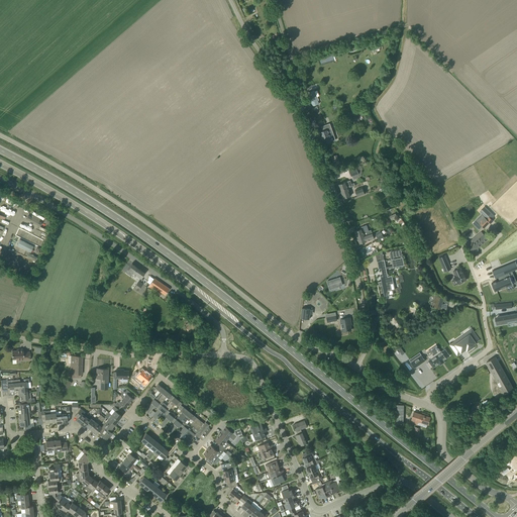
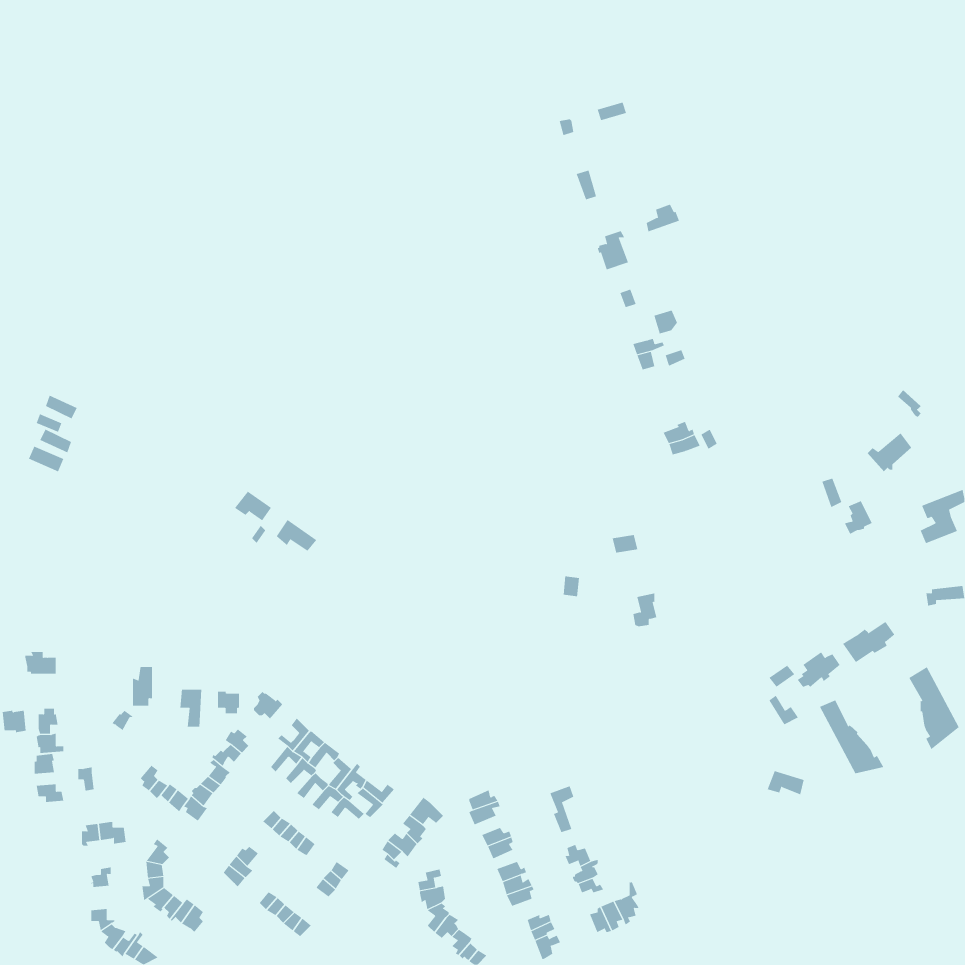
building: [378,257,404,296] -> none
building: none -> [819,699,884,774]

